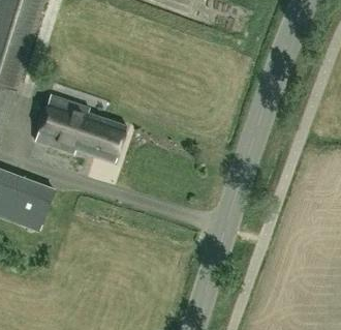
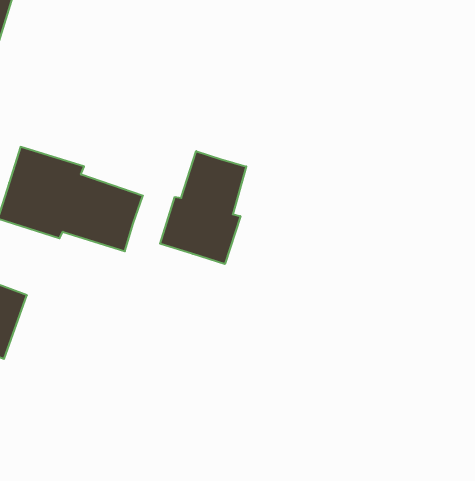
building: none -> [160,151,246,264]

